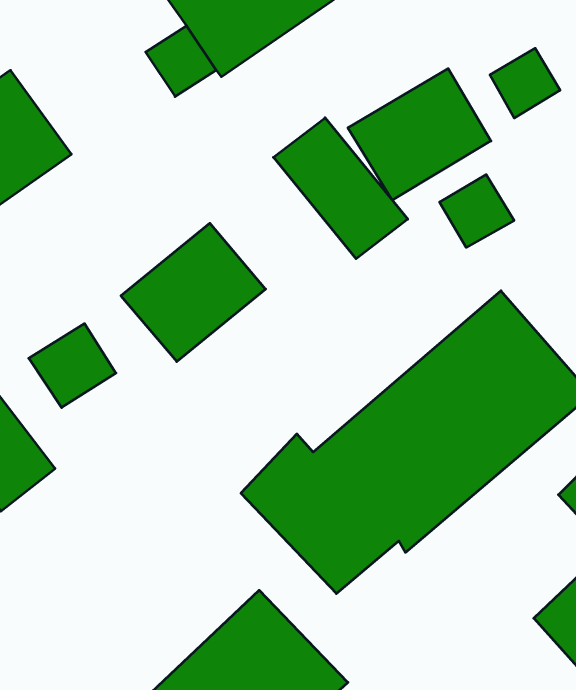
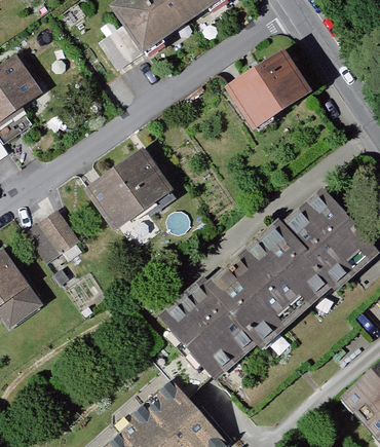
building: [490,48,560,118] -> none
building: [273,118,408,259] -> none
building: [440,175,514,247] -> none

